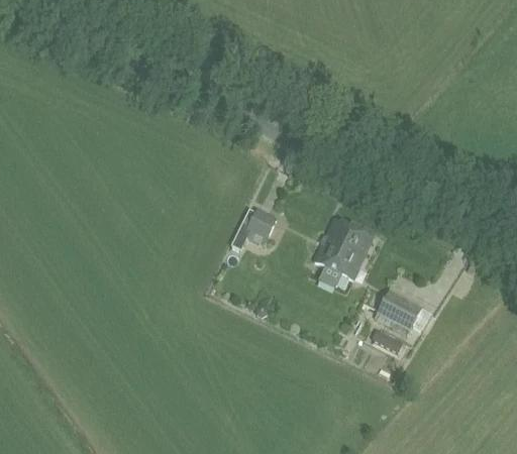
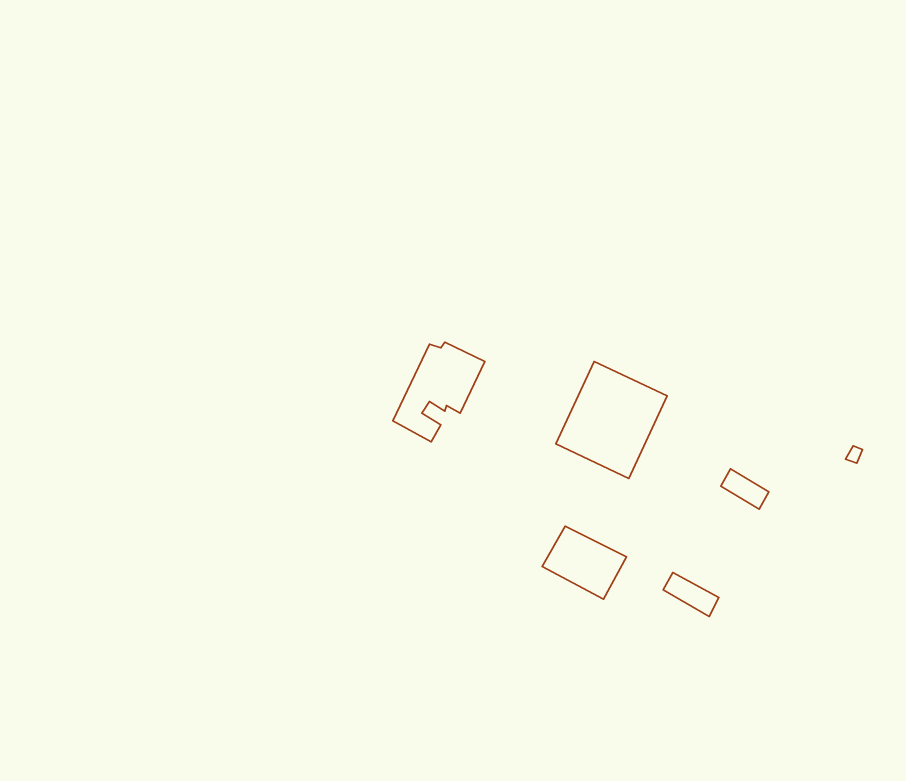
building: [378,290,422,328] -> [542,526,627,599]

